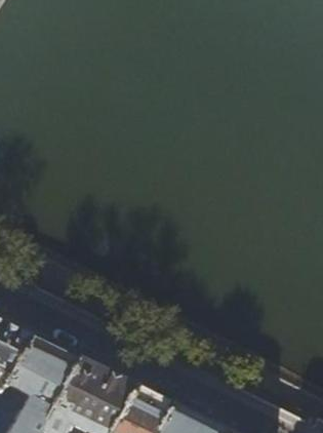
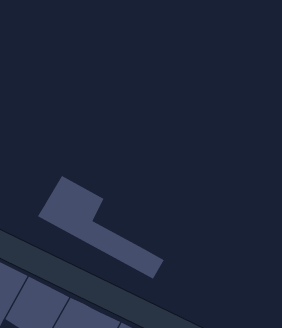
building: none -> [37,175,164,279]

